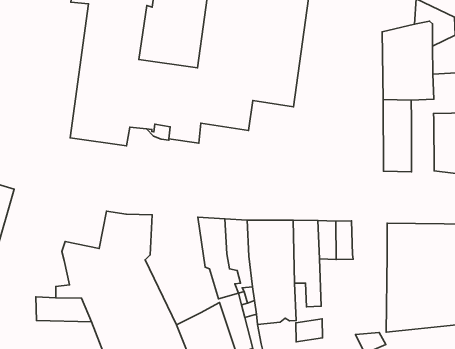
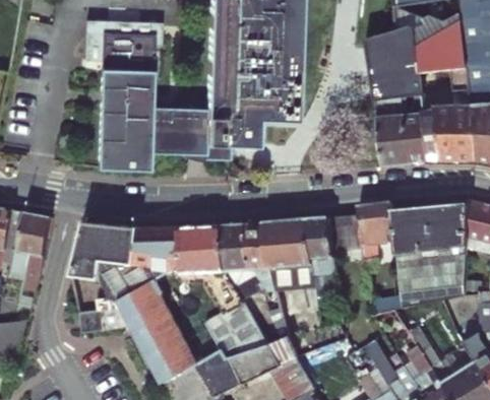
building: none -> [404,114,429,163]
building: none -> [73,221,136,278]
building: none -> [358,202,394,244]
building: none -> [178,224,247,311]

